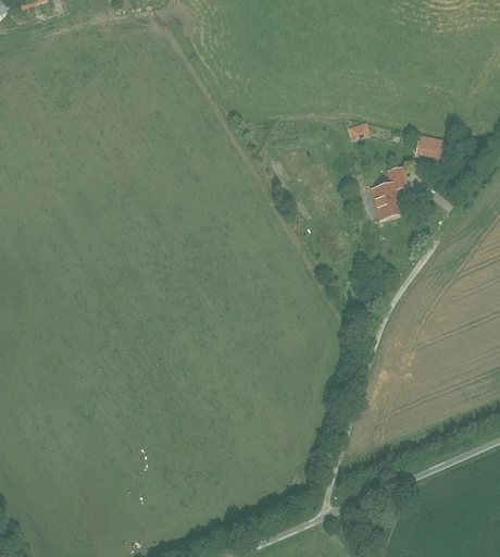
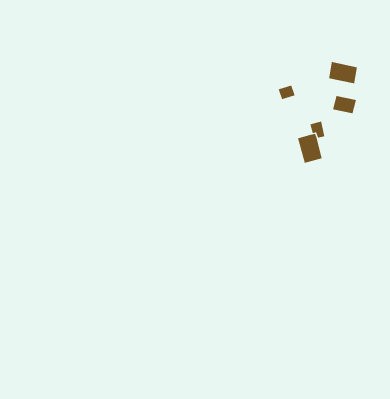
building: none -> [329,61,357,84]

